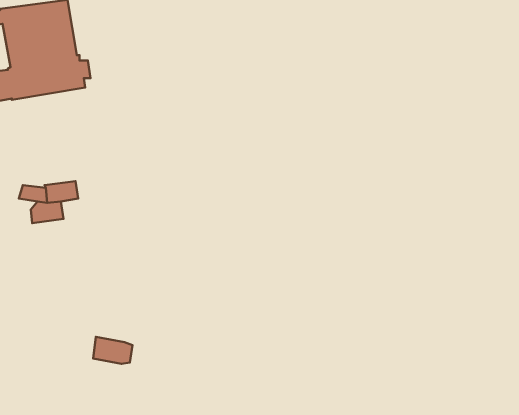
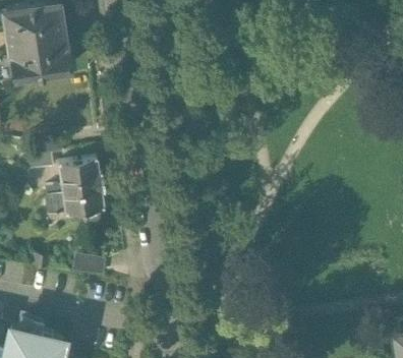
building: none -> [46,164,106,229]

